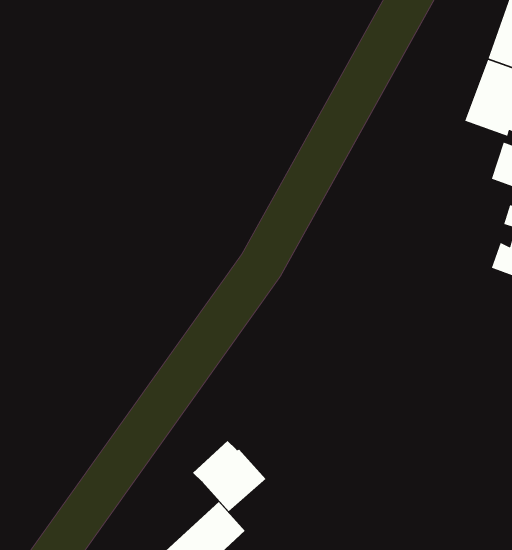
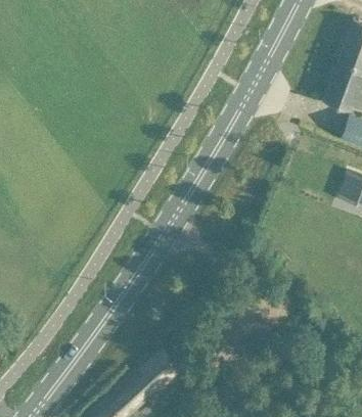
building: [192,440,266,512] -> none

